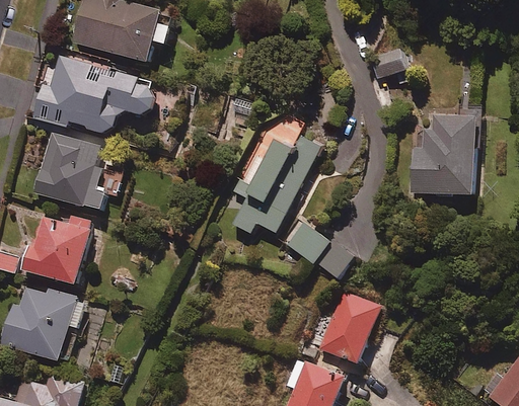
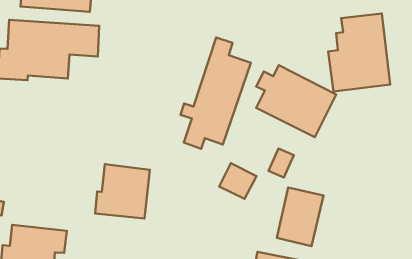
building: [32,133,123,212] -> none
building: none -> [256,65,336,137]
building: [21,216,90,283] -> [95,164,150,218]
building: [286,222,329,264] -> [219,163,256,199]

